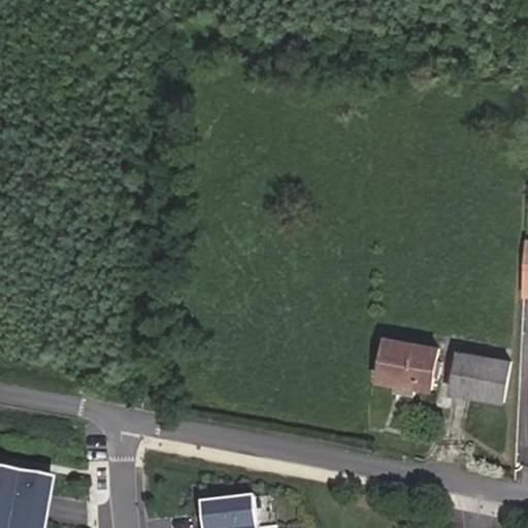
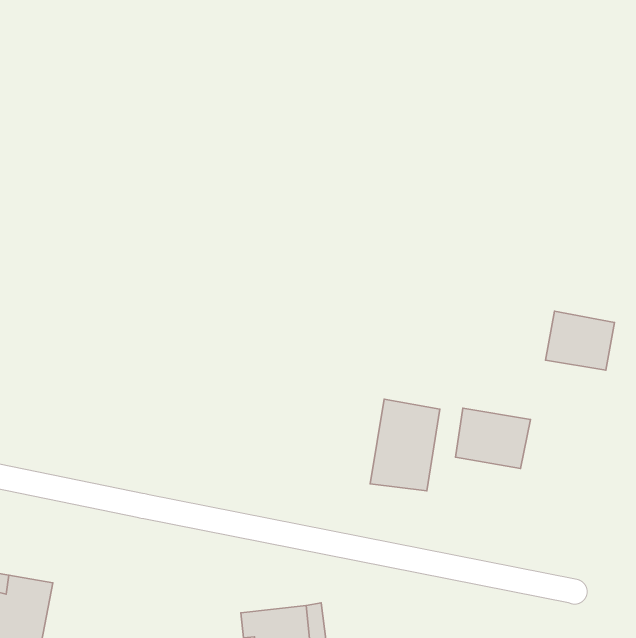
building: none -> [370,399,440,491]
building: [451,352,507,400] -> [546,311,615,370]

